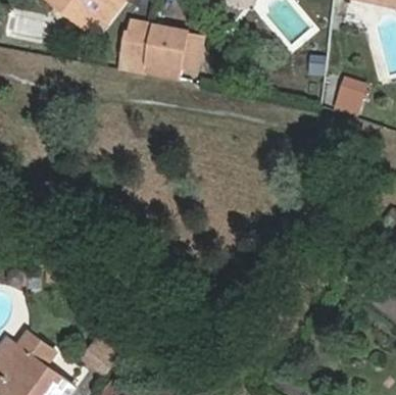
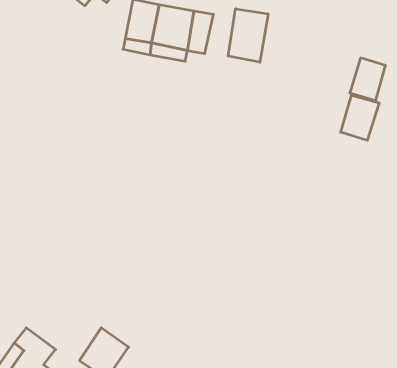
building: none -> [228,9,268,62]
building: none -> [341,95,379,140]

